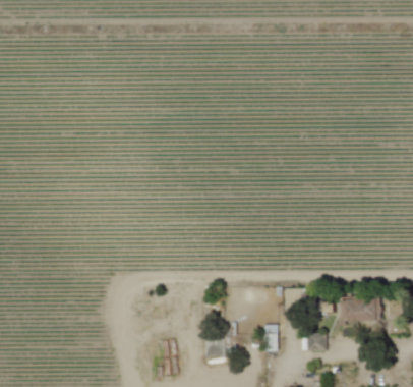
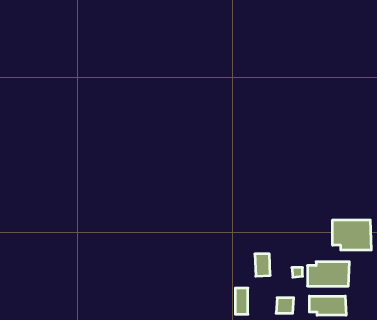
building: none -> [333,220,371,250]
building: none -> [309,296,346,315]

